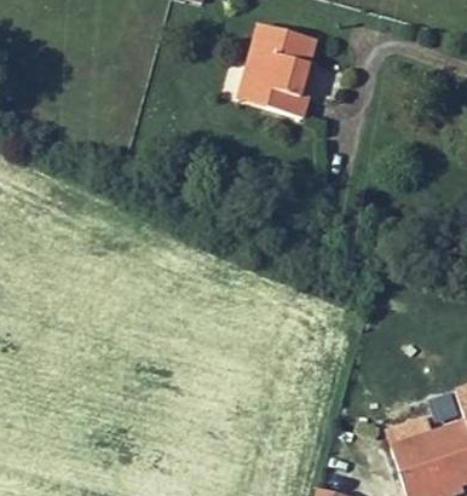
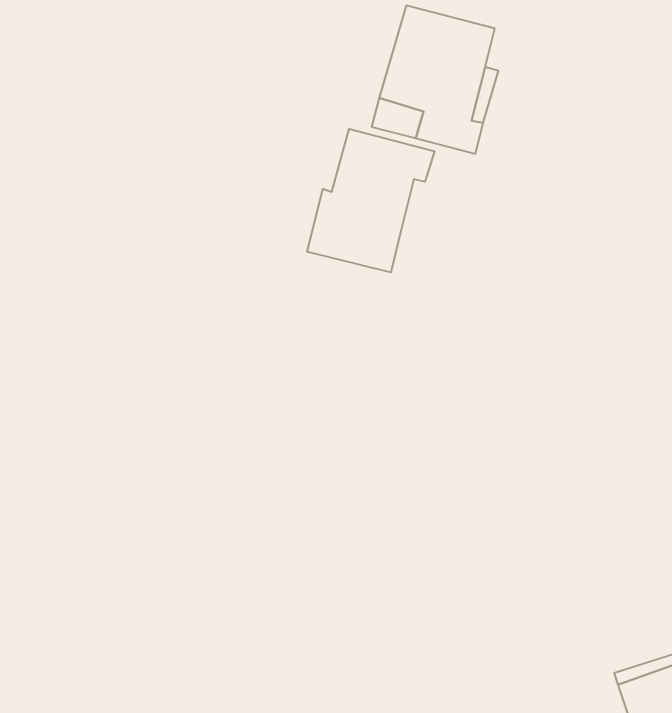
building: none -> [307,129,434,272]

